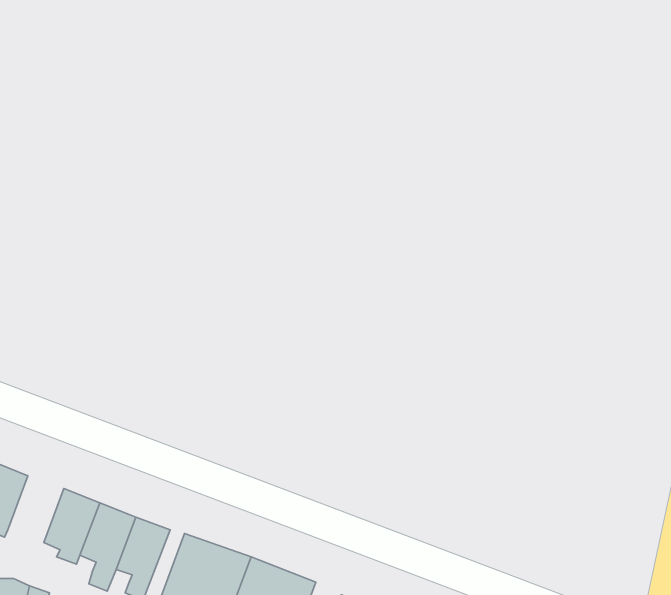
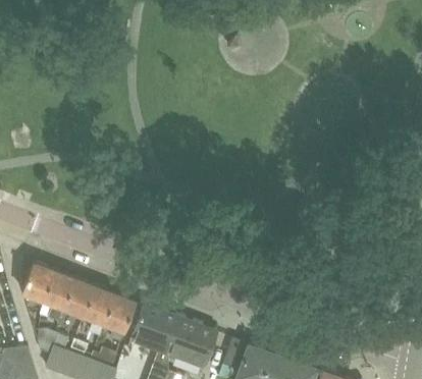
building: none -> [43,271,74,319]

